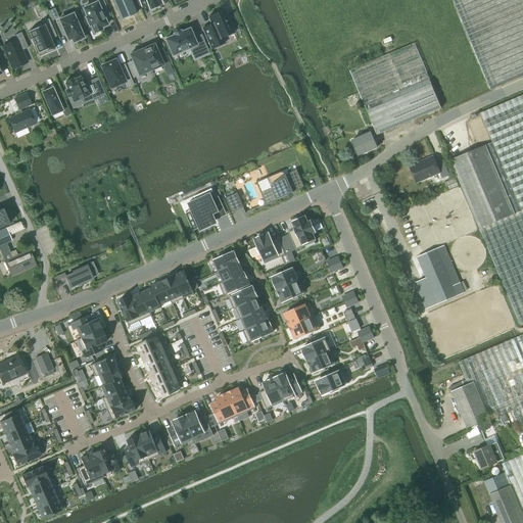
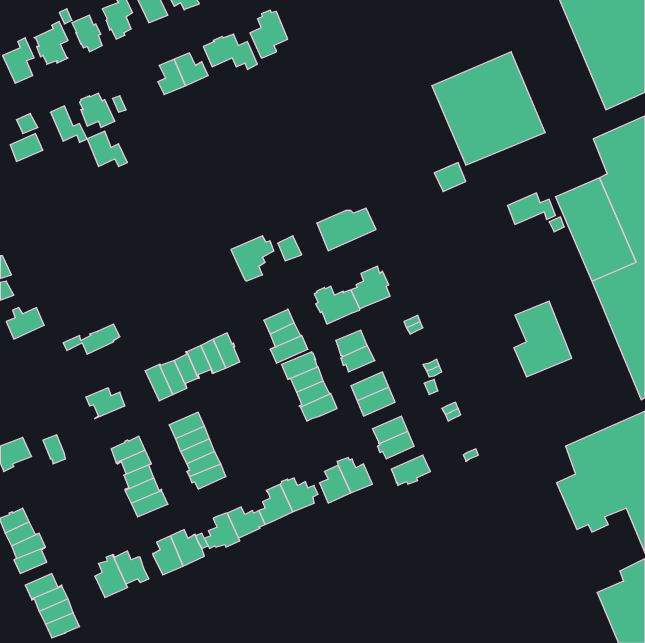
building: [101,58,134,87] -> [87,131,127,166]
building: [77,329,106,356] -> none
building: [474,441,504,468] -> none

